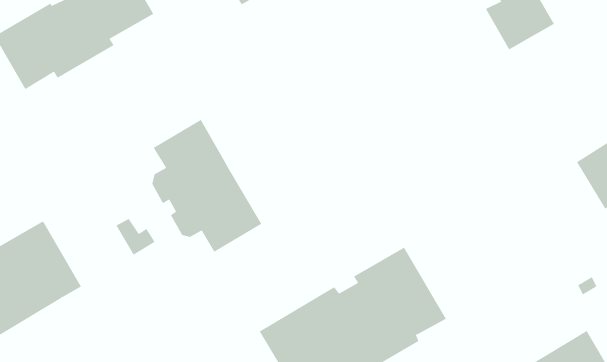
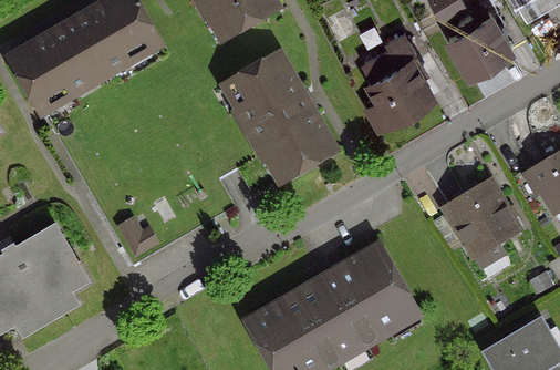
building: none -> [363,32,432,123]
building: [151,119,262,252] -> [234,55,332,174]
building: none -> [444,181,517,277]

